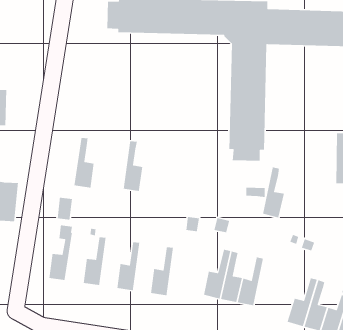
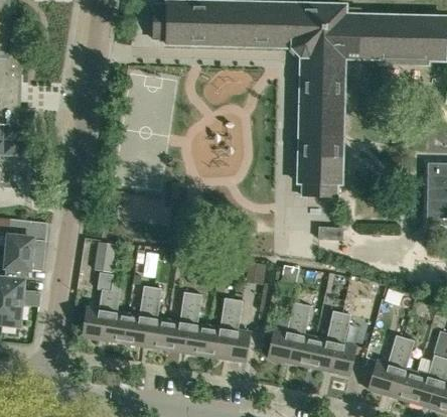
building: [73,137,94,188] -> [103,281,128,342]
building: [123,140,143,192] -> [144,287,168,349]
building: [262,166,285,219] -> [328,312,355,375]
building: none -> [184,293,208,355]
building: none -> [225,299,250,361]

